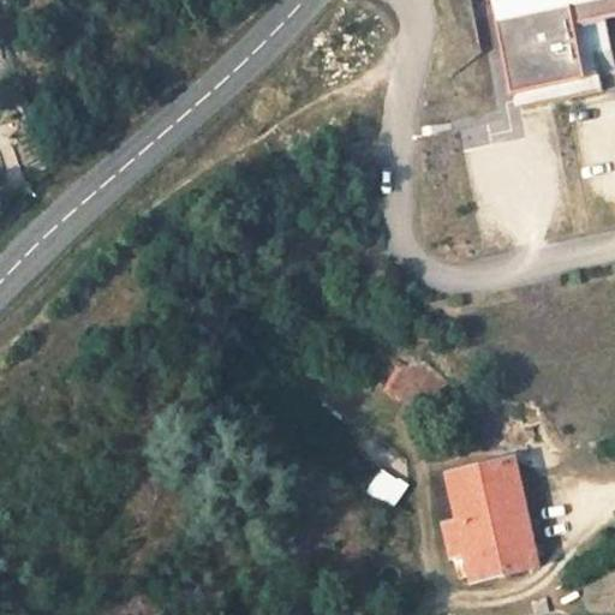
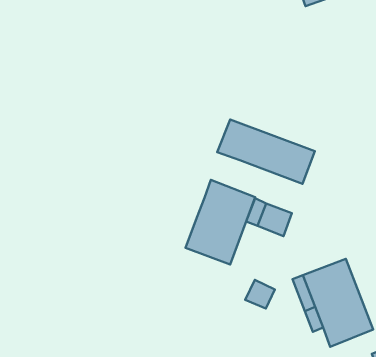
building: none -> [217,119,315,184]
building: none -> [186,180,255,264]

